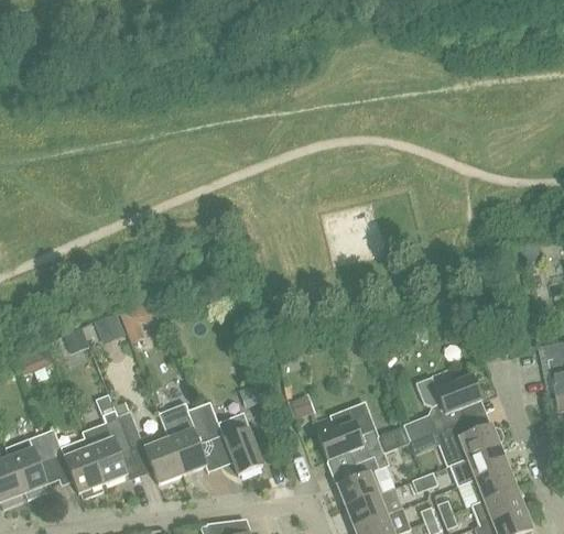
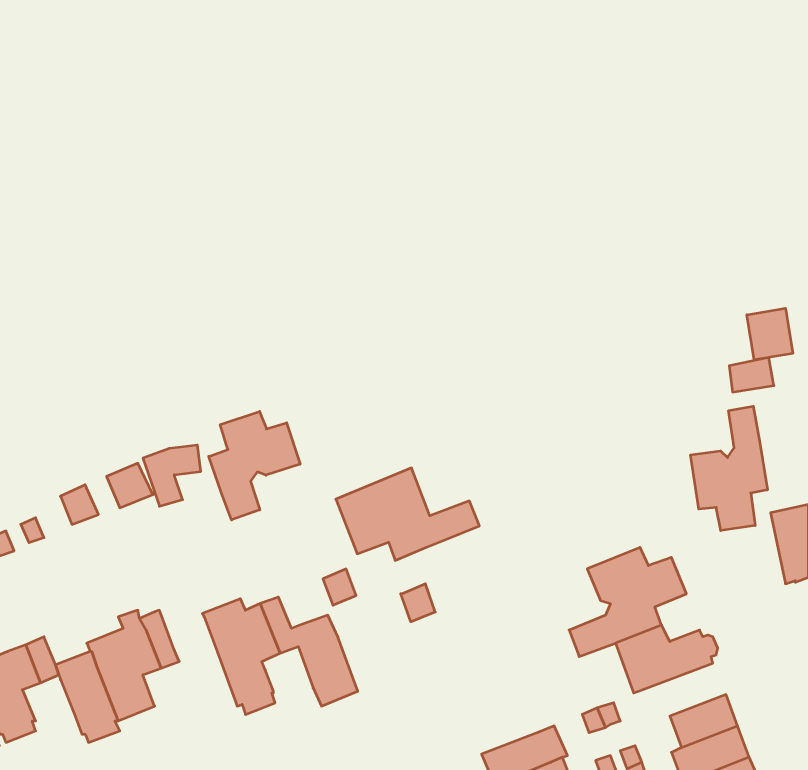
building: none -> [747,308,793,360]
building: none -> [691,406,767,531]
building: none -> [209,411,300,520]
building: [313,403,409,465] -> [336,468,479,560]
building: [144,438,182,484] -> none
building: [449,446,508,486] -> none
building: [336,470,382,506] -> none

